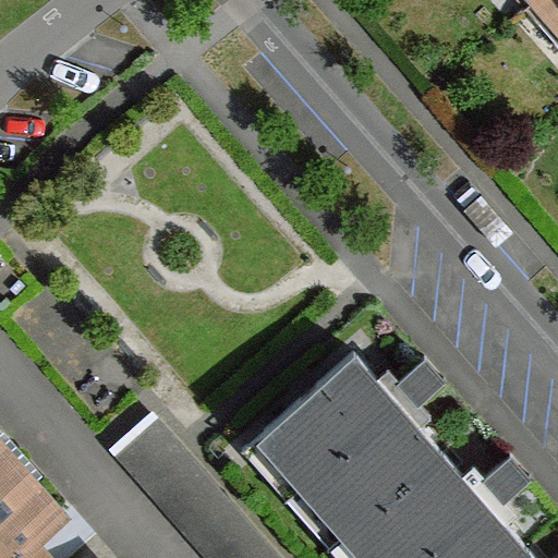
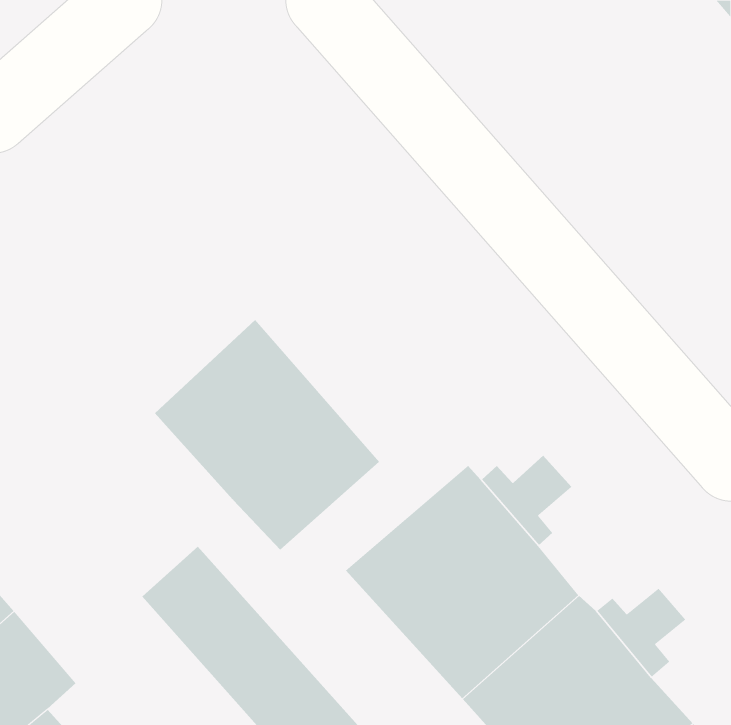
building: none -> [154,319,380,551]

